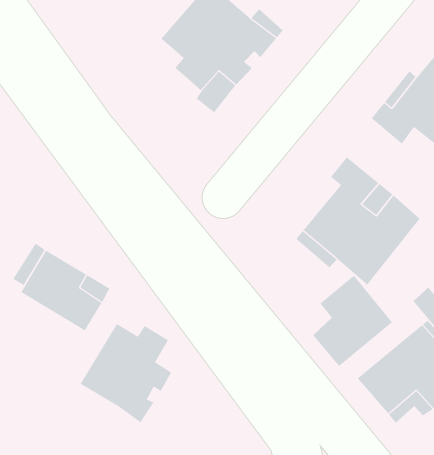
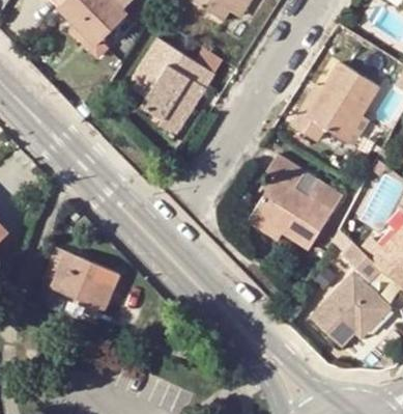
building: [312,275,393,367] -> none
building: [80,323,172,423] -> none

